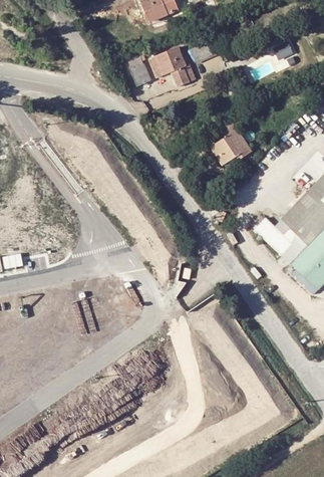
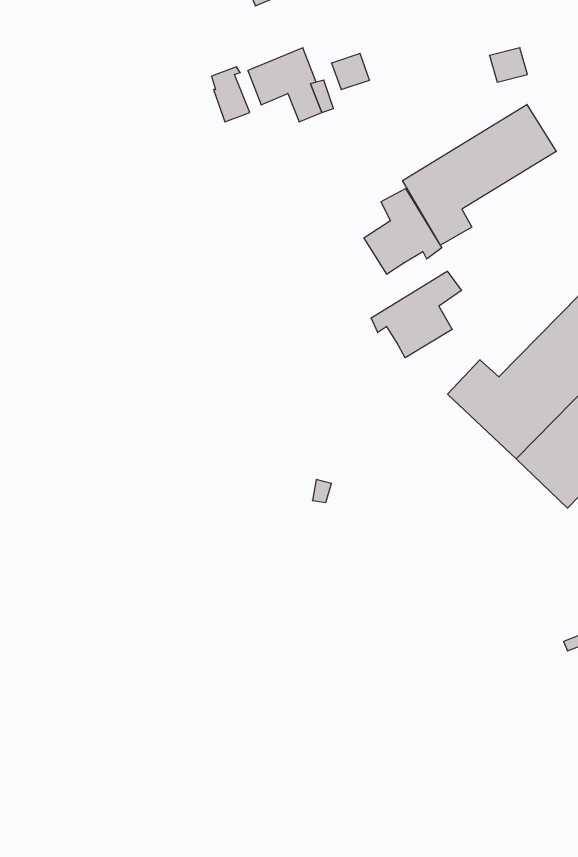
building: none -> [403,104,556,245]
building: none -> [371,271,461,358]

